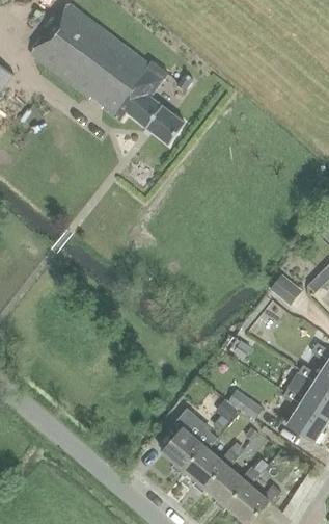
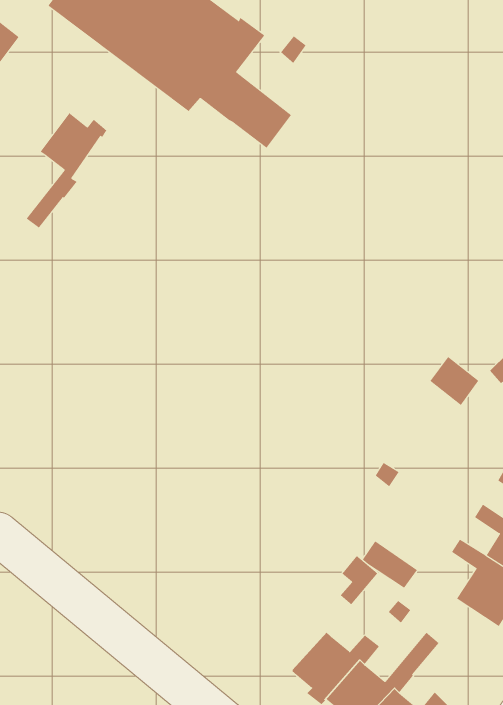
building: none -> [26,112,107,229]
building: [162,408,217,475] -> none

